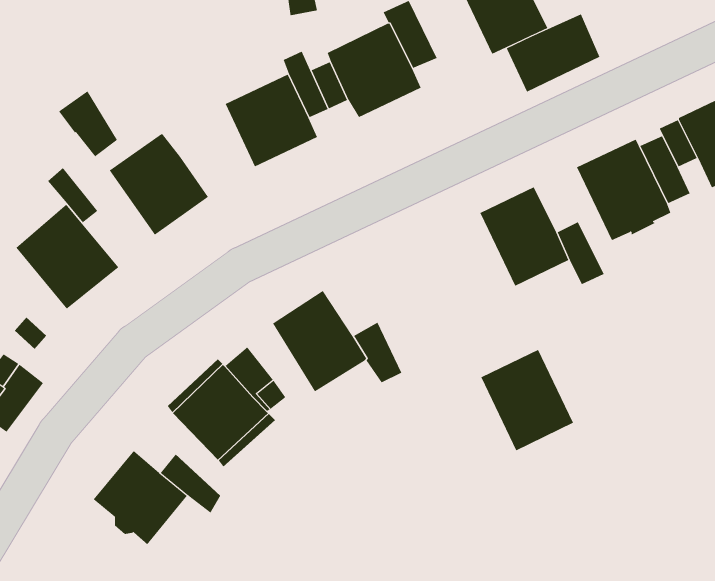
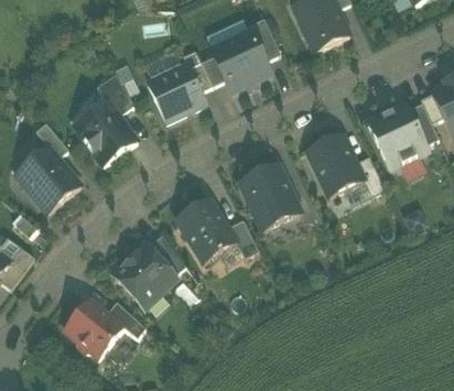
building: [506,13,600,92] -> none
building: [58,90,118,157] -> [95,72,132,113]
building: [481,349,574,451] -> [239,163,298,227]

